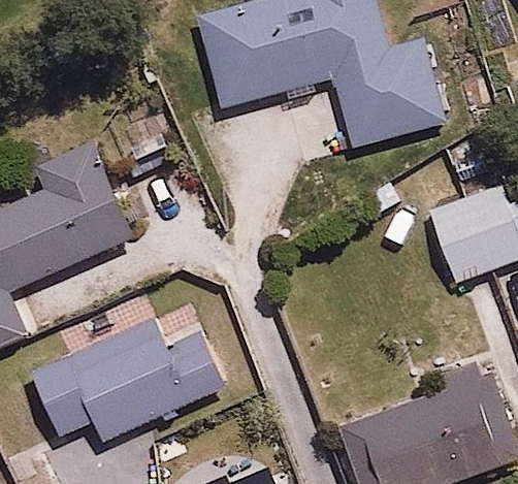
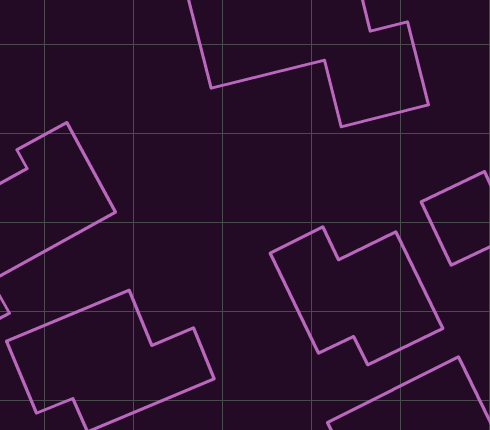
building: none -> [270,227,443,365]

